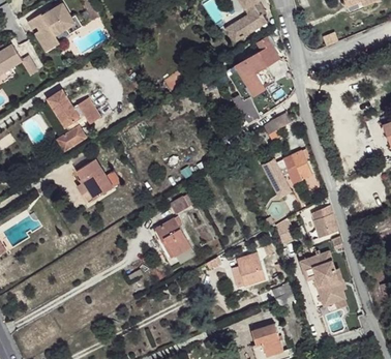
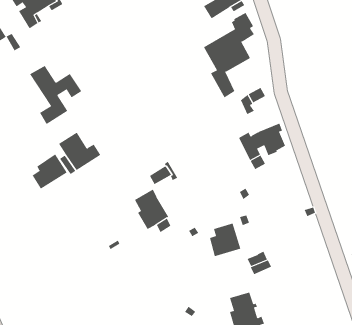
building: none -> [32,153,68,190]
building: [312,204,339,237] -> none
building: [300,250,348,313] -> none

